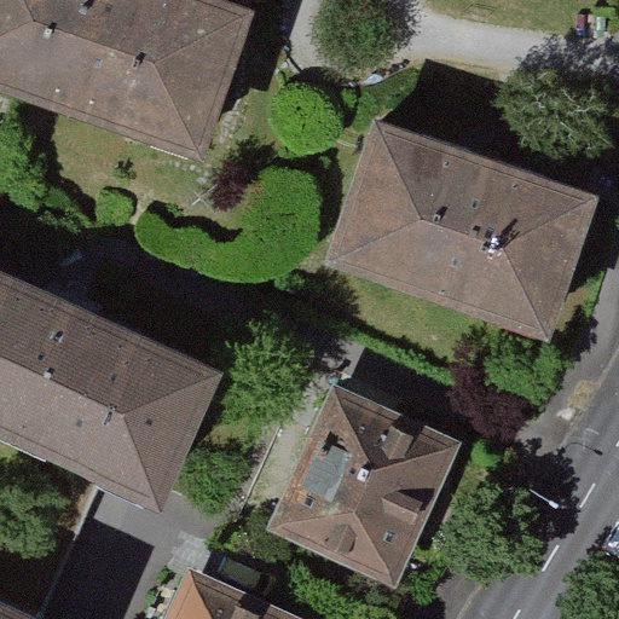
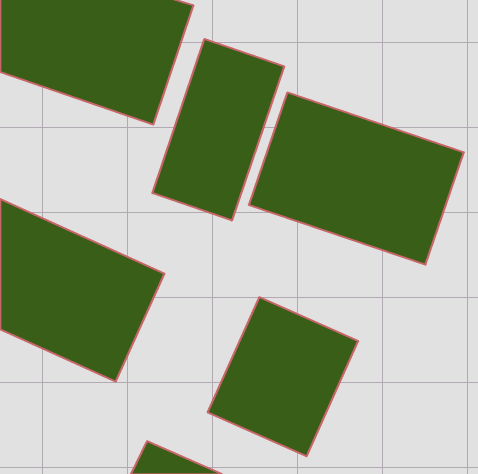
building: none -> [152,39,284,221]

